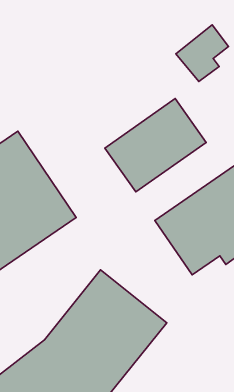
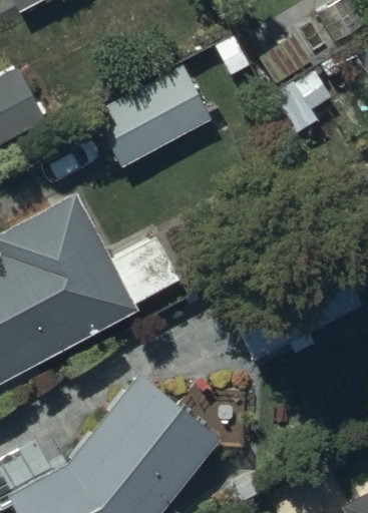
building: [105,99,206,192] -> [97,71,218,175]

